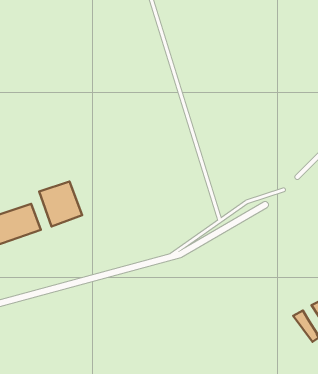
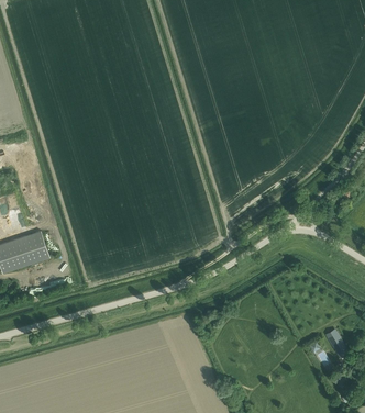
building: [39,181,82,226] -> none

